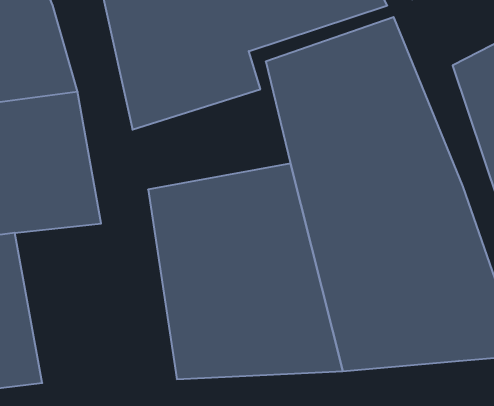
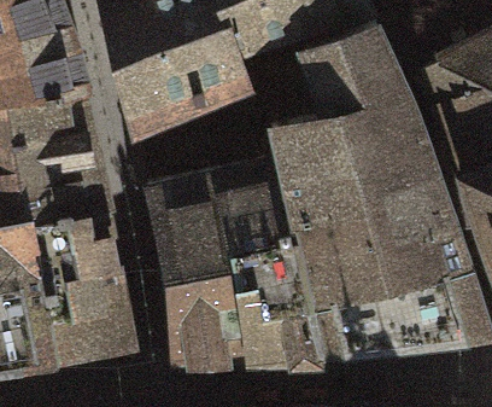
building: none -> [25,220,130,367]

